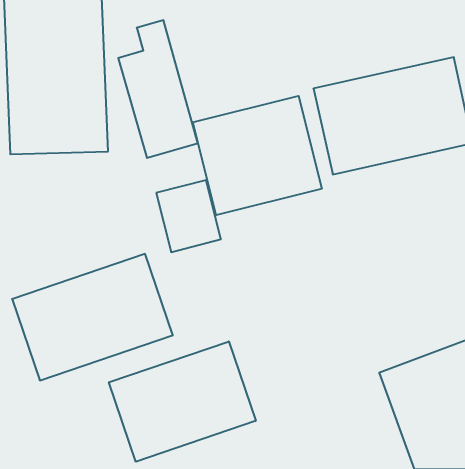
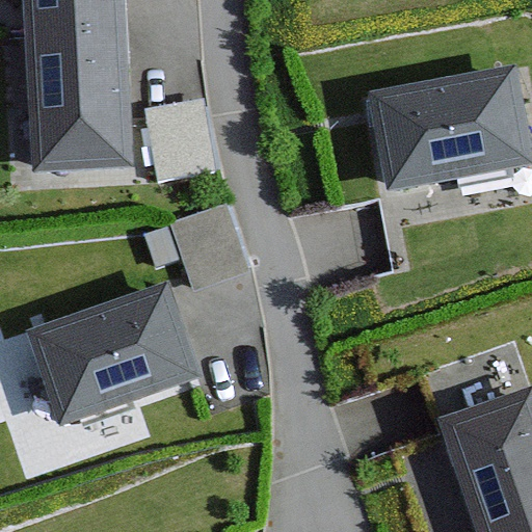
building: [193,96,322,215] -> none
building: [109,341,256,462] -> none

